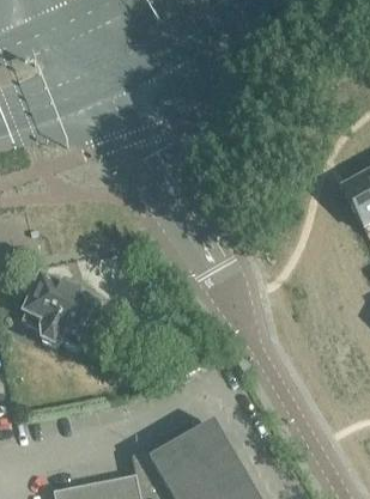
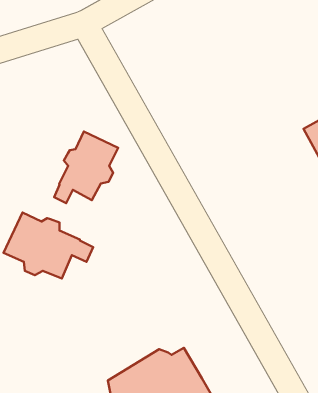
building: none -> [54,132,118,203]

